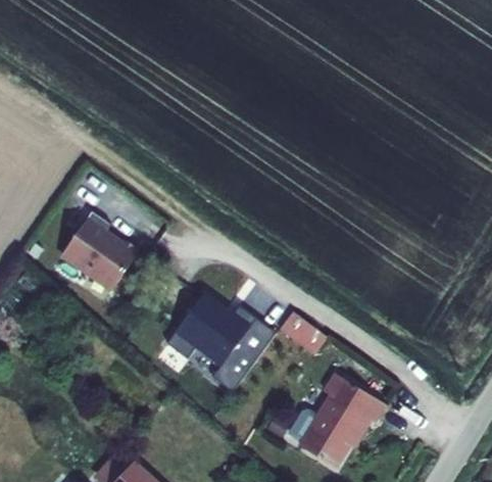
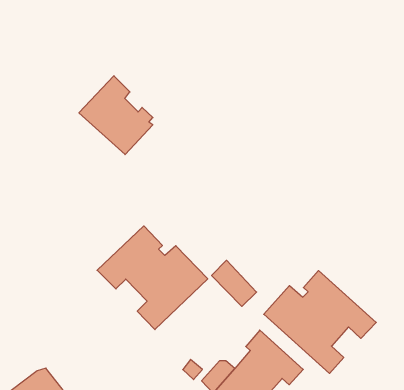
building: [65,209,140,285] -> [79,76,153,155]
building: none -> [264,271,376,373]

